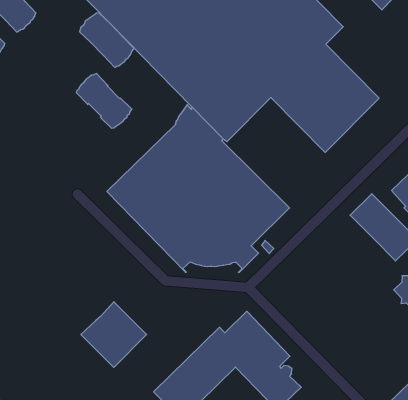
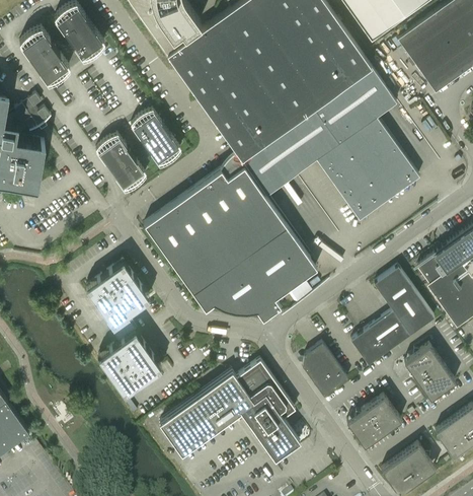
building: [80,13,134,67] -> [96,135,146,190]
building: none -> [86,262,149,343]
building: none -> [350,310,410,365]
building: none -> [303,343,348,397]
building: none -> [346,396,401,447]

